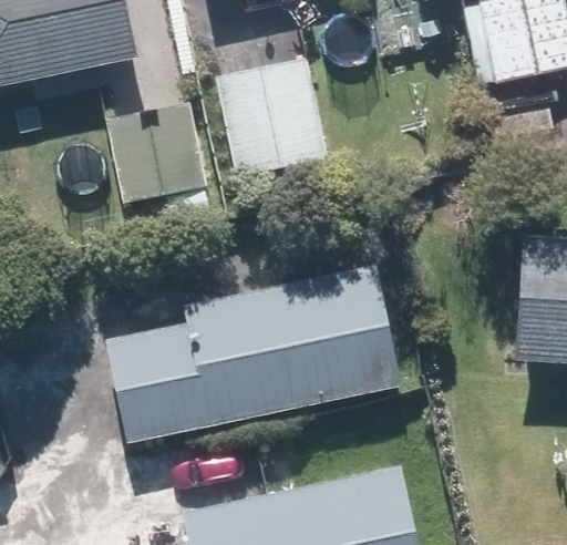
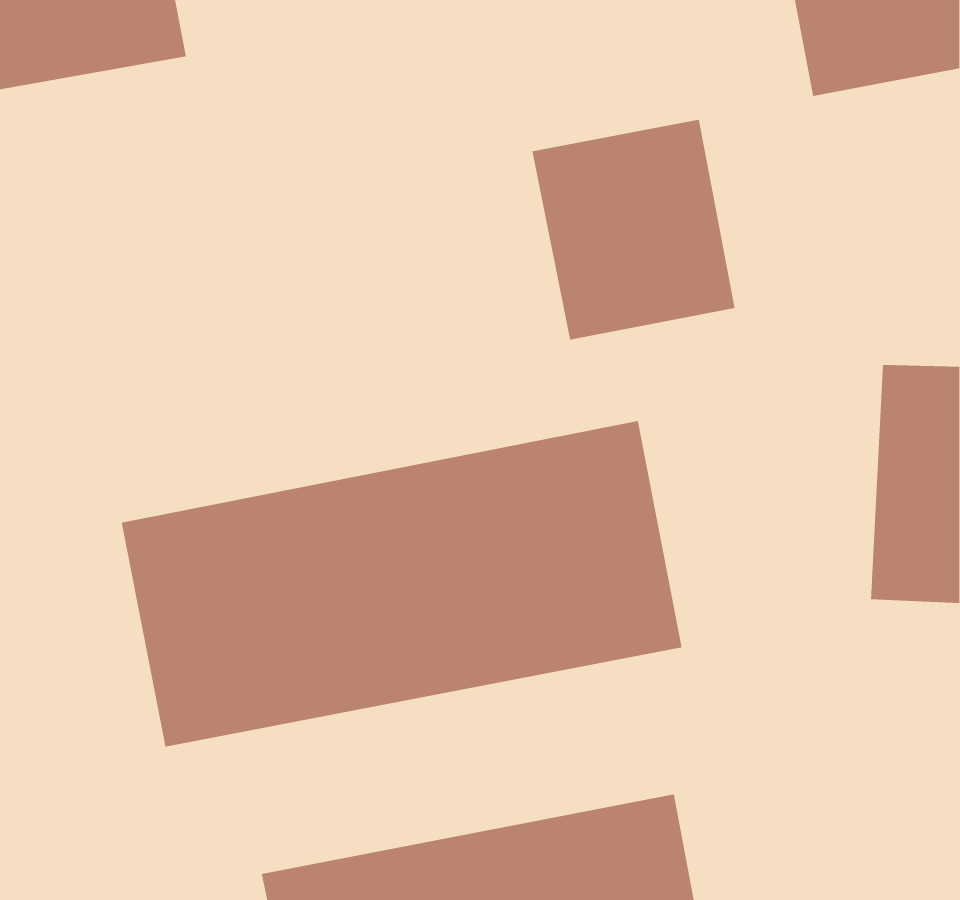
building: [215,55,328,178] -> [532,119,735,341]
building: [101,90,215,226] -> none

